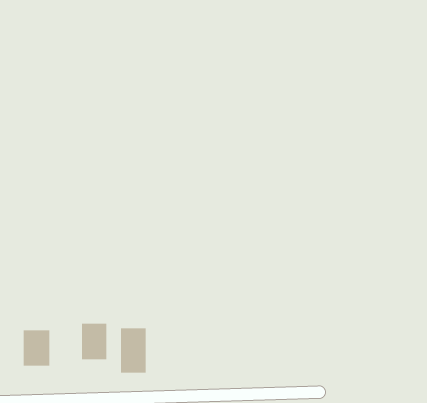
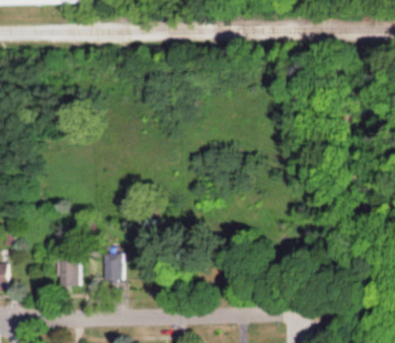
building: [121,327,146,373] -> none

